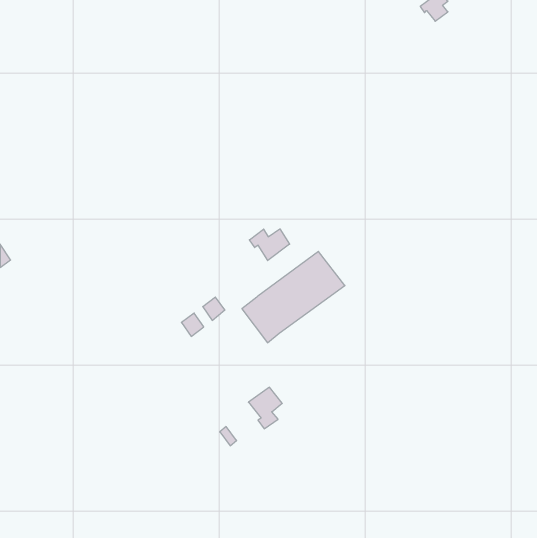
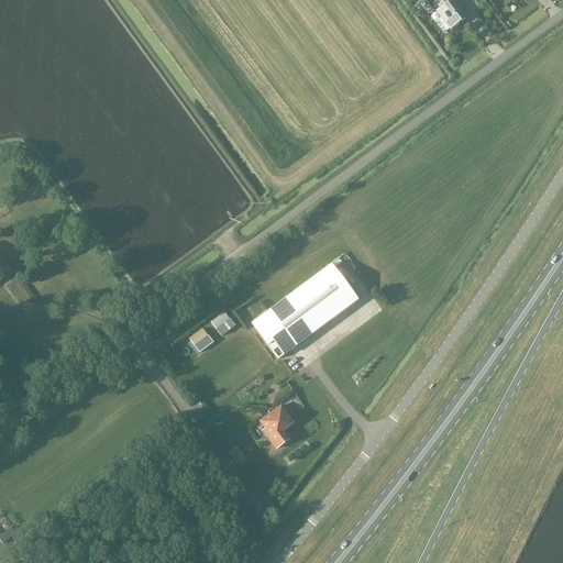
building: [249,229,290,261] -> none

